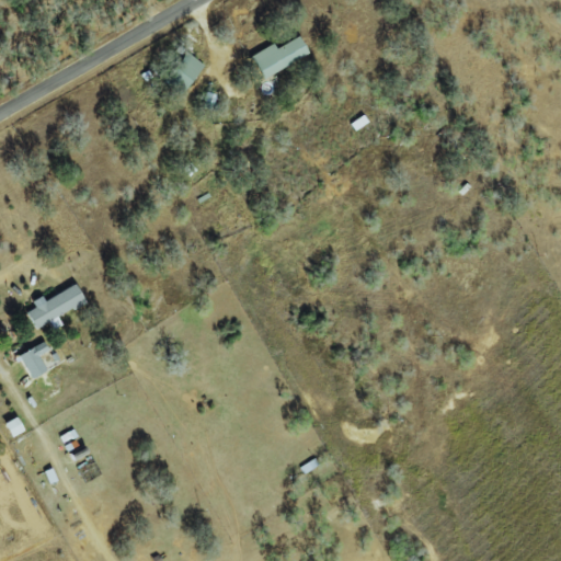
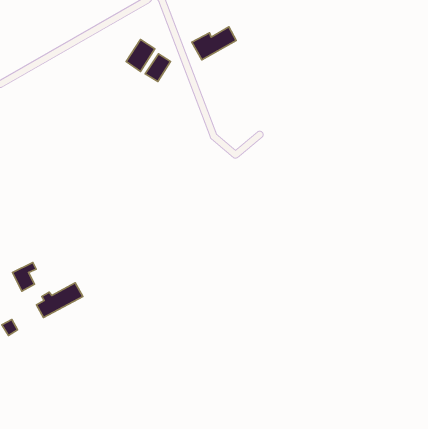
building: none -> [145,54,171,81]
building: [26,284,87,329] -> [37,283,83,317]

